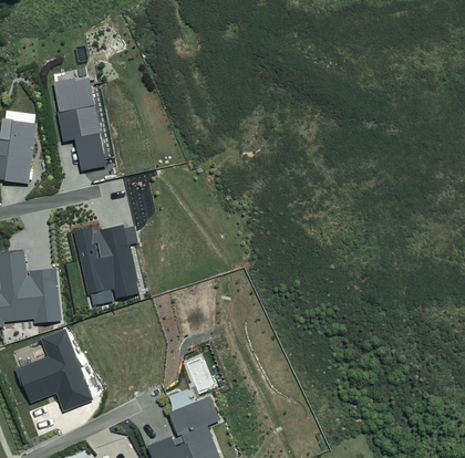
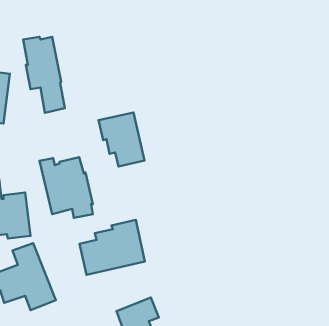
building: none -> [99,113,144,166]
building: none -> [80,220,145,275]

